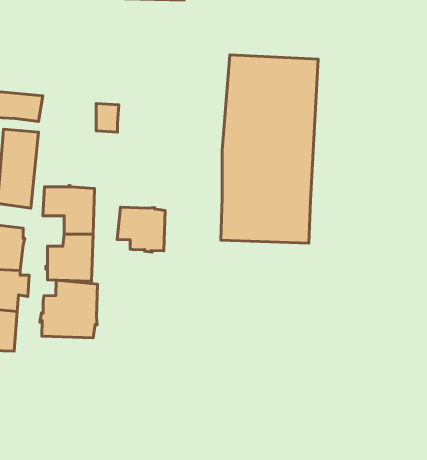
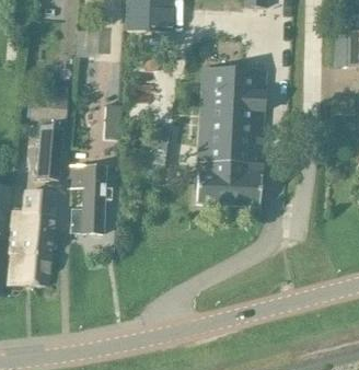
building: [117,207,165,252] -> none
building: [40,280,97,338] -> none

